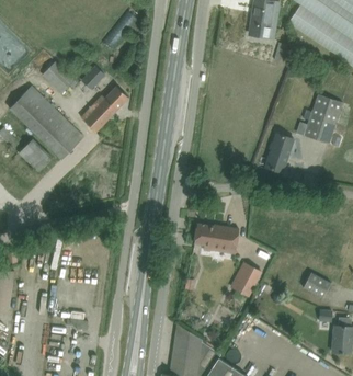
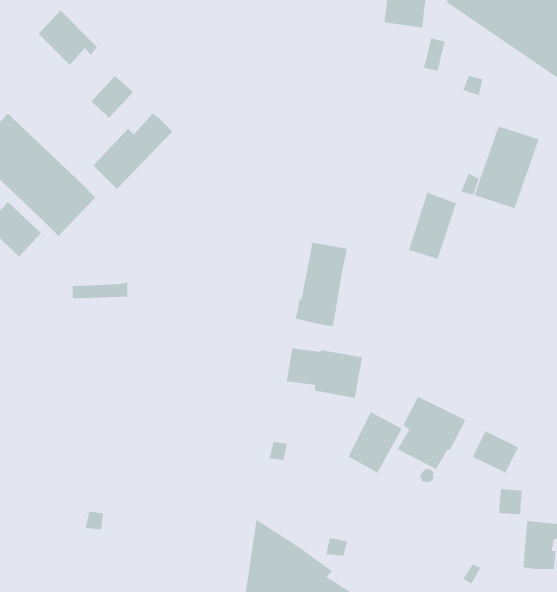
building: [42,60,77,93] -> [38,9,98,66]
building: none -> [295,242,347,327]
building: none -> [397,396,466,470]

